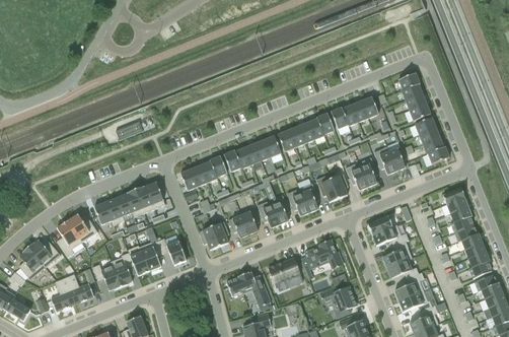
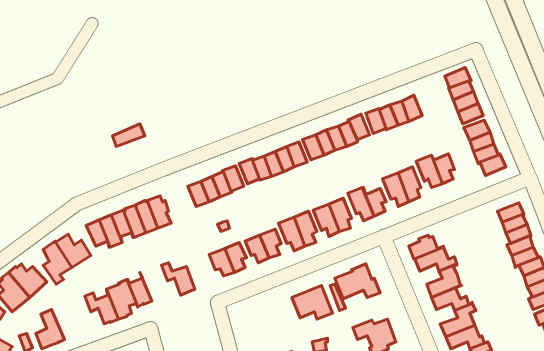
building: [139,240,162,270] -> none
building: [226,271,271,305] -> none
building: [64,273,93,302] -> none

